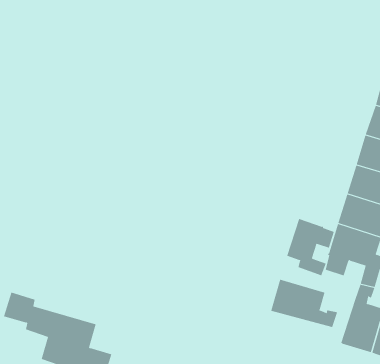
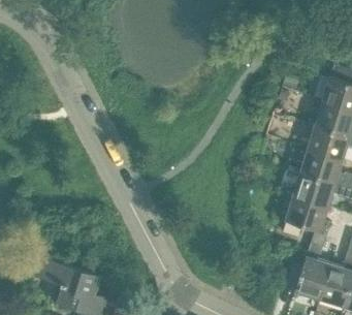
building: [287,218,334,276] -> none
building: [270,279,338,328] -> none

